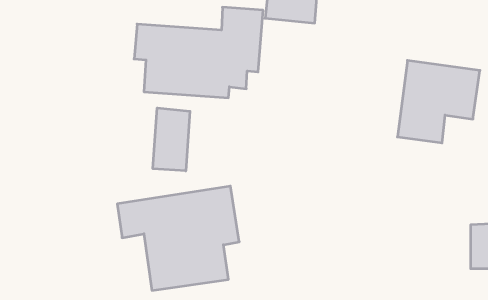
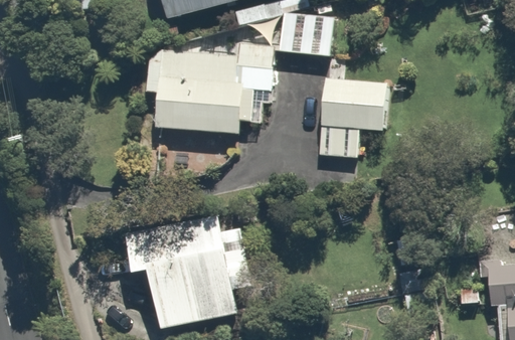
building: [397,60,480,143] -> [315,74,398,158]
building: [153,108,190,171] -> none

